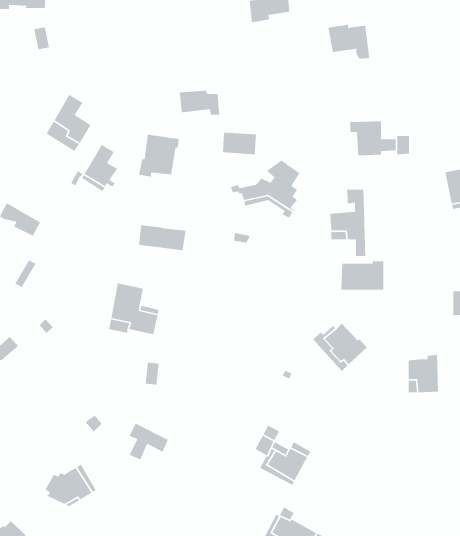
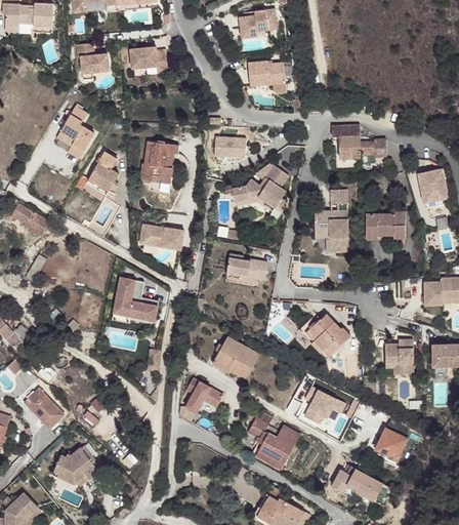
building: [328,24,370,60] -> [249,62,288,94]
building: none -> [73,42,107,73]
building: [179,90,220,115] -> [130,45,168,69]
building: none -> [226,255,266,281]
building: [341,260,384,291] -> [366,212,406,240]
building: none -> [210,336,257,382]
building: none -> [24,389,64,430]
building: none -> [304,389,346,427]
building: [128,423,169,461] -> [182,374,219,409]
building: none -> [375,427,407,460]
building: none -> [332,469,383,503]

